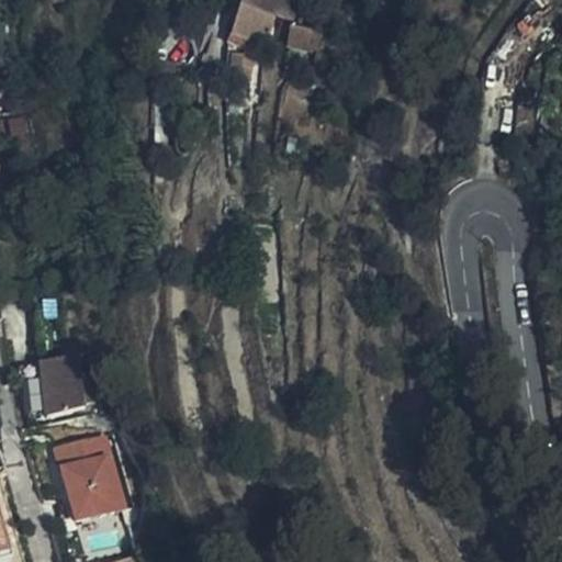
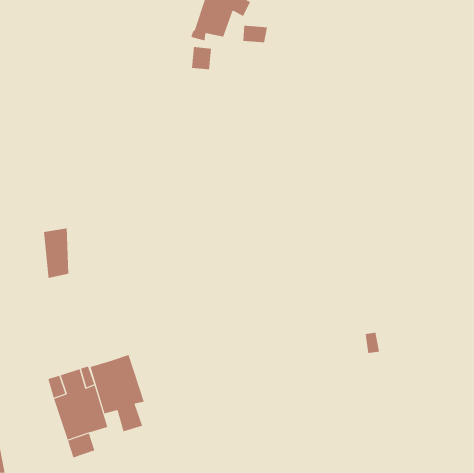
building: [38,356,69,415] -> [43,228,69,278]
building: none -> [90,354,145,432]

